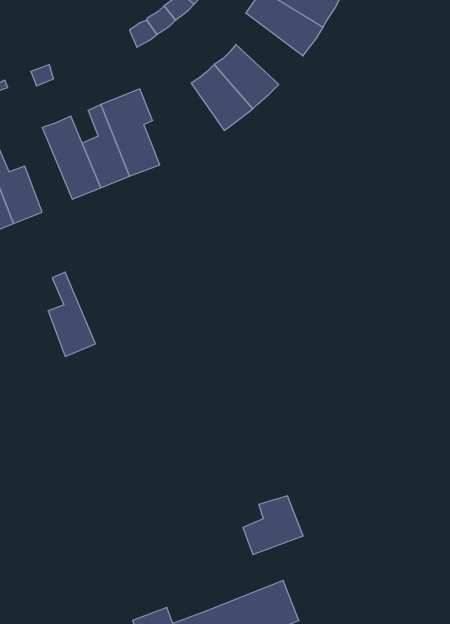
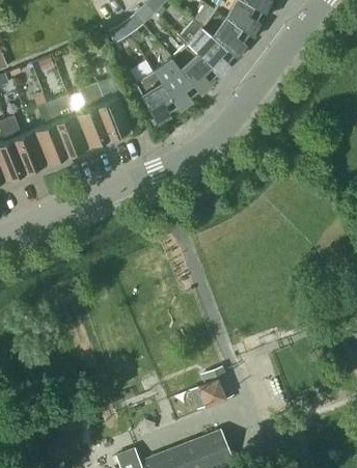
building: none -> [180,20,235,72]
building: none -> [135,71,177,119]
building: [48,272,95,357] -> [33,103,67,164]

